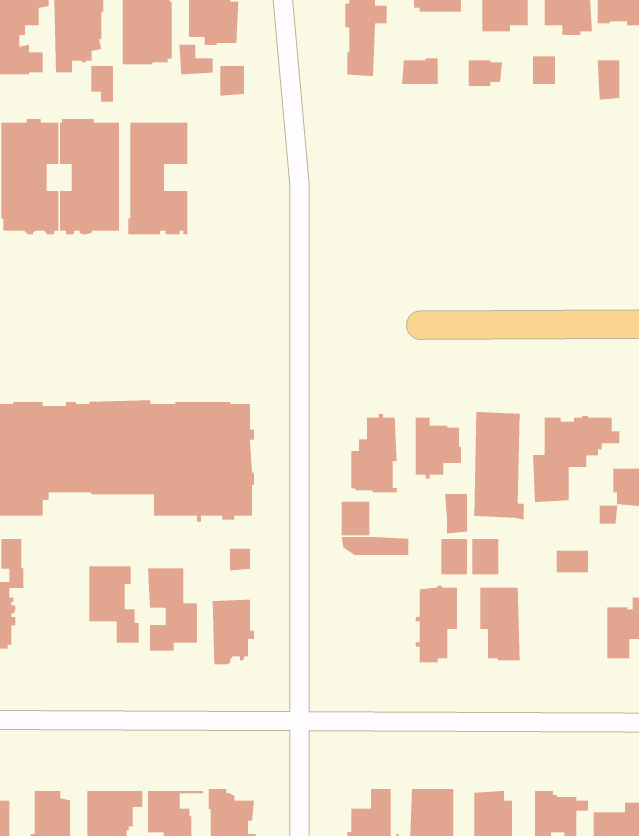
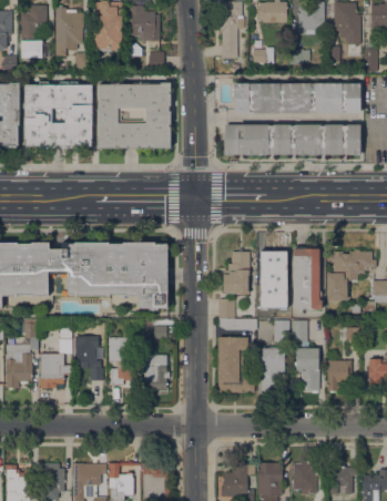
building: none -> [234,82,360,113]
building: none -> [131,83,171,149]
building: none -> [223,124,360,155]
building: none -> [38,326,71,388]
building: none -> [217,337,254,392]
building: none -> [327,360,352,391]

